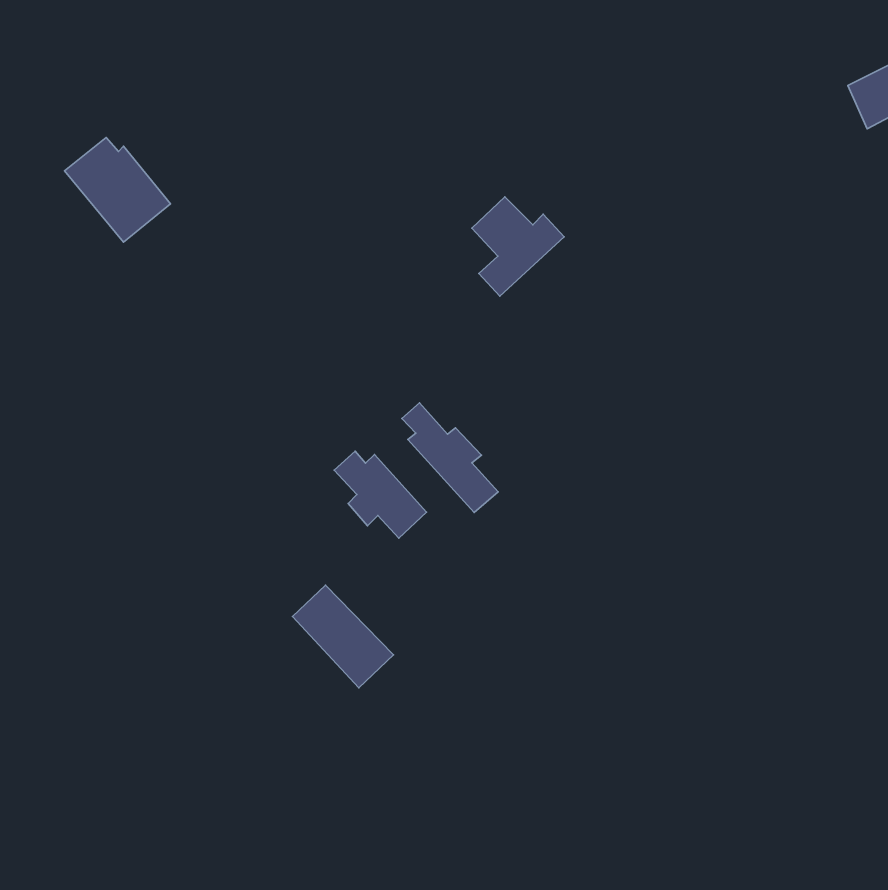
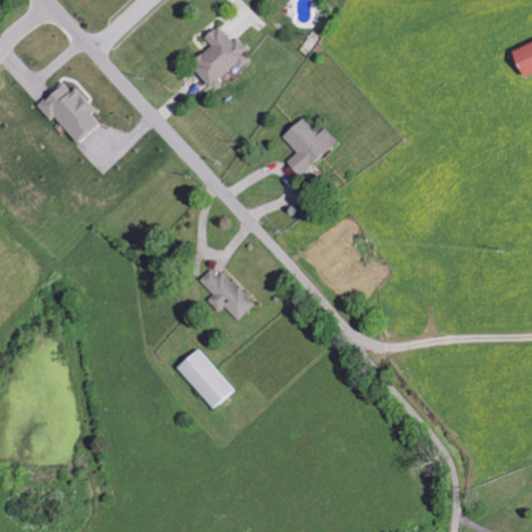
building: none -> [189,25,248,86]
building: [402,403,498,512] -> none

